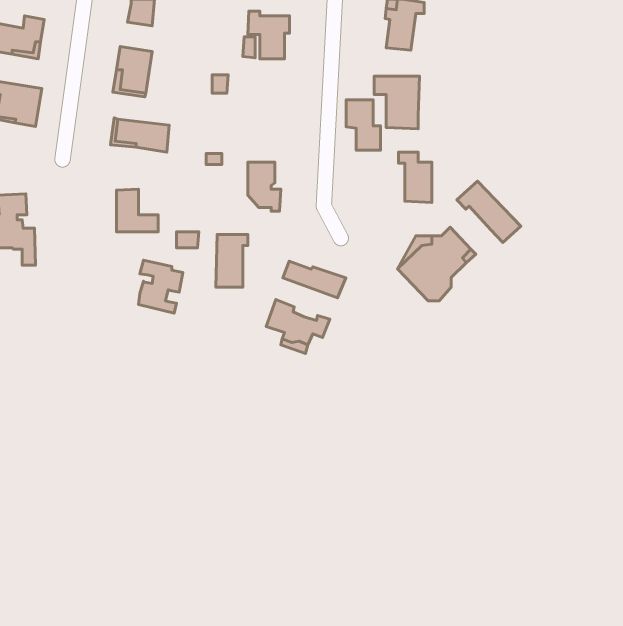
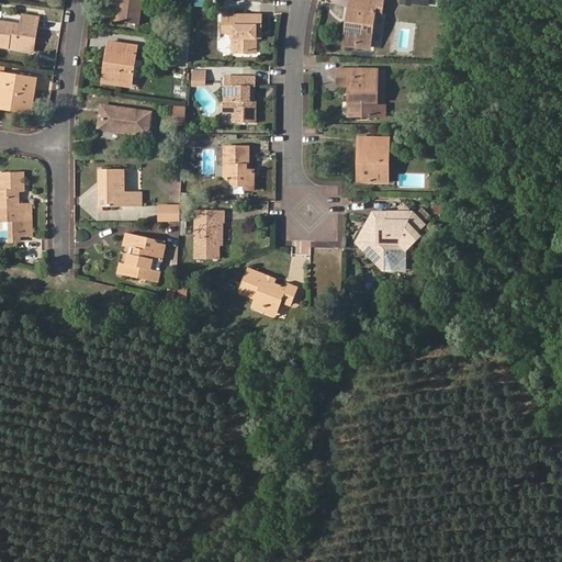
building: [346,100,381,150] -> [223,77,254,122]
building: [457,181,521,242] -> none
building: [283,261,346,298] -> none

